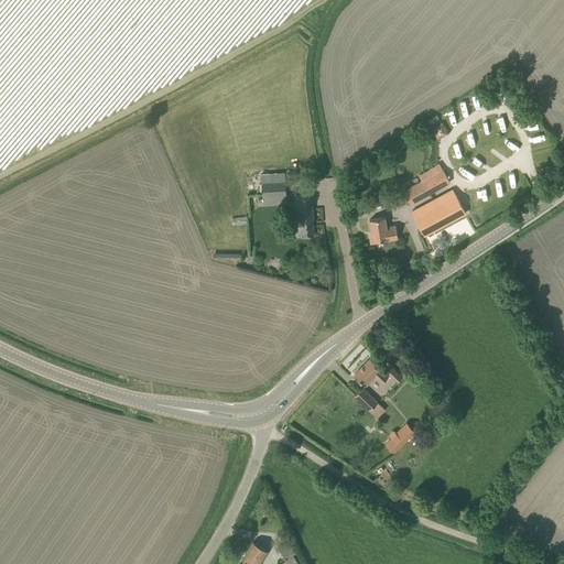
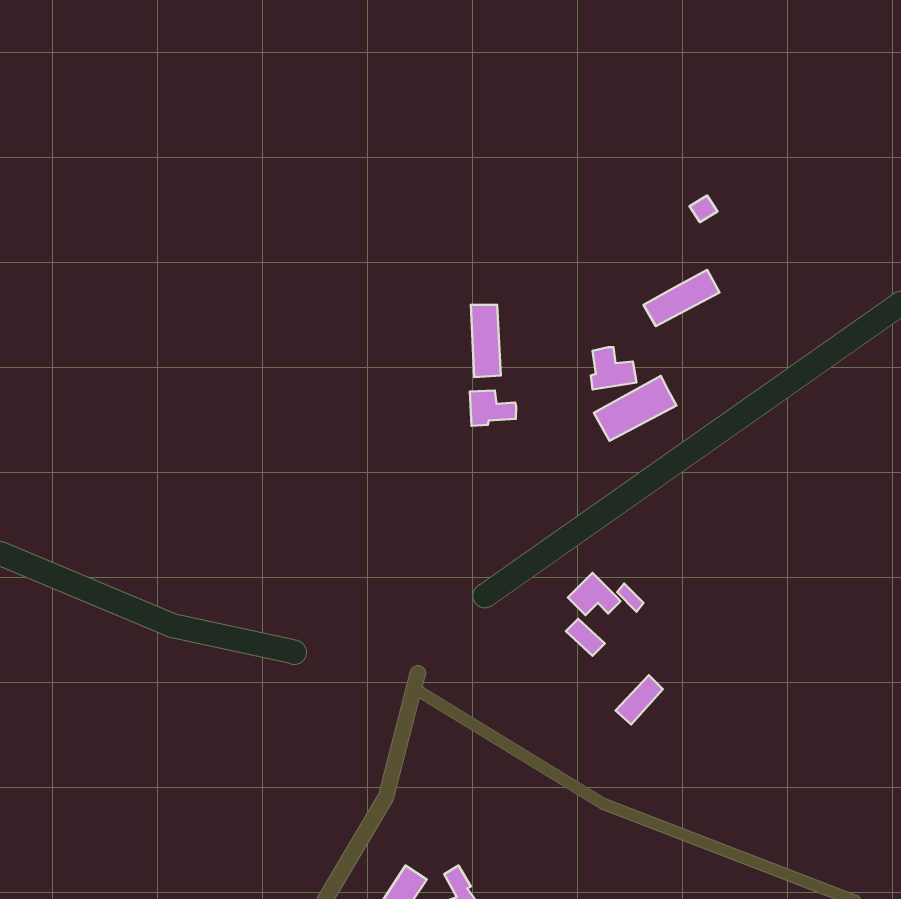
building: [260,173,285,196] -> none
building: [414,195,466,236] -> [594,376,677,441]
building: none -> [470,390,516,426]

